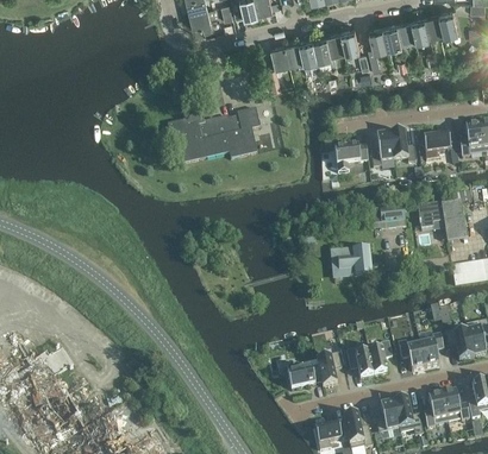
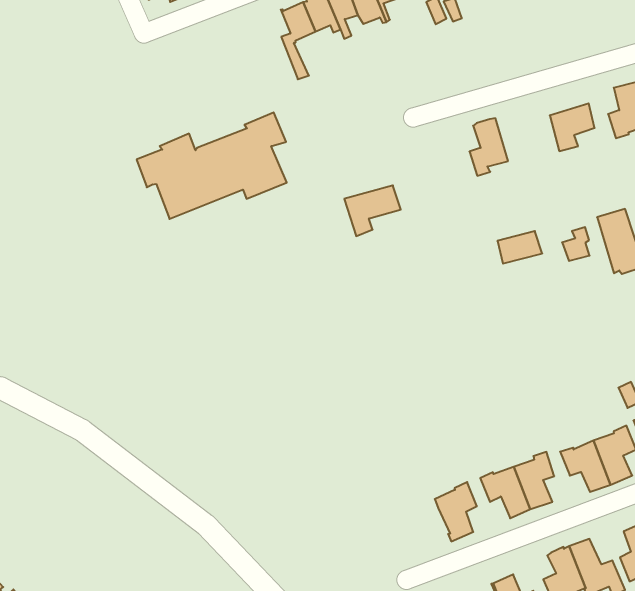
building: [389,131,415,162] -> none
building: [333,145,367,172] -> [344,185,401,236]
building: [330,247,370,277] -> none
building: [286,362,321,389] -> none

